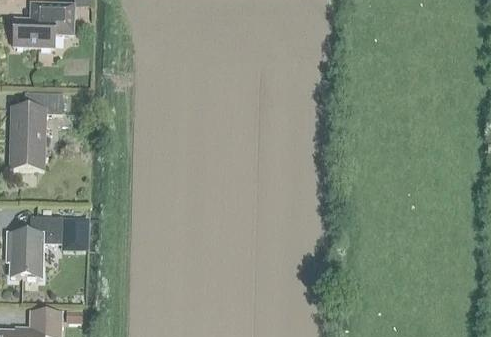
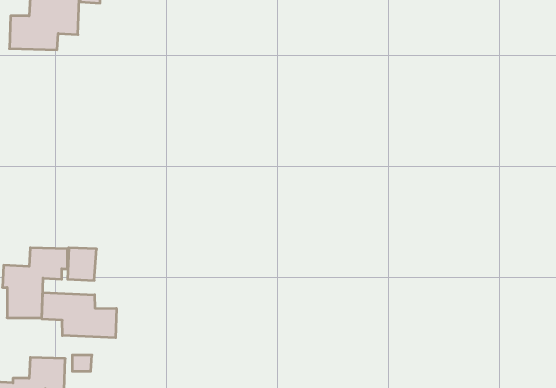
building: [10,91,63,169] -> none
building: none -> [42,293,116,338]

